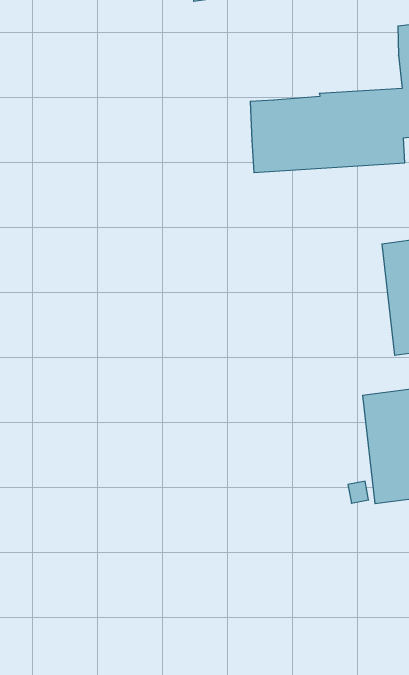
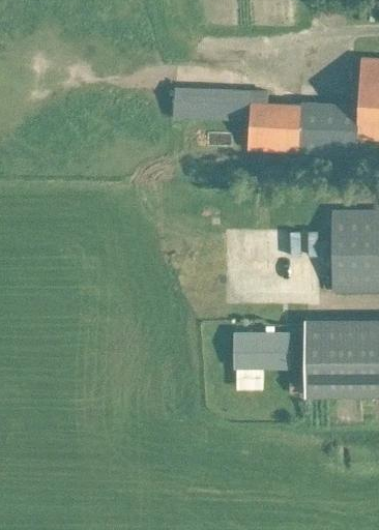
building: none -> [173,90,267,128]
building: none -> [233,331,290,370]

